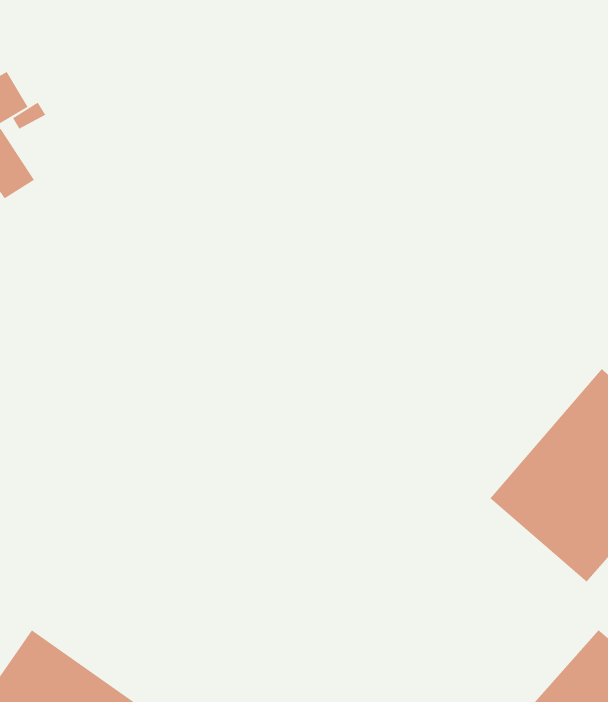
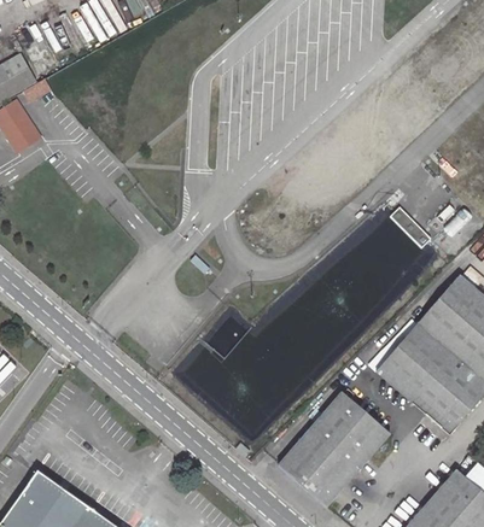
building: none -> [280,392,390,505]

